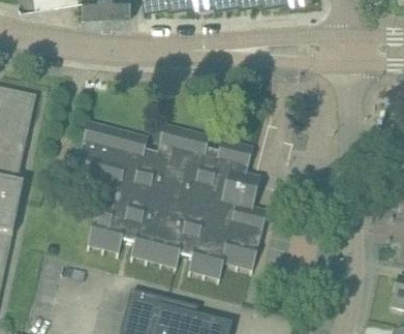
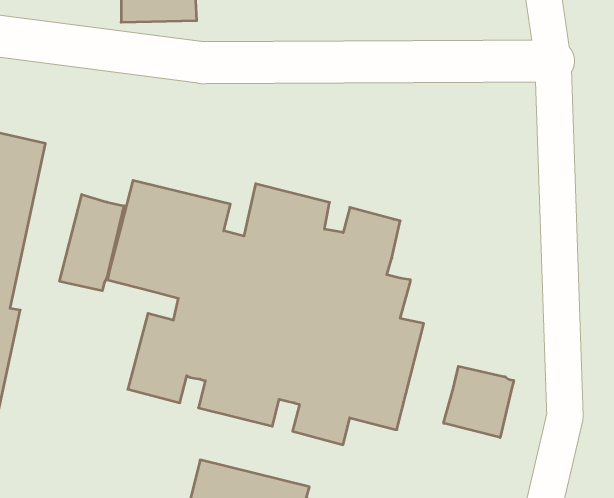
building: none -> [60,194,124,291]
building: none -> [444,366,514,438]

